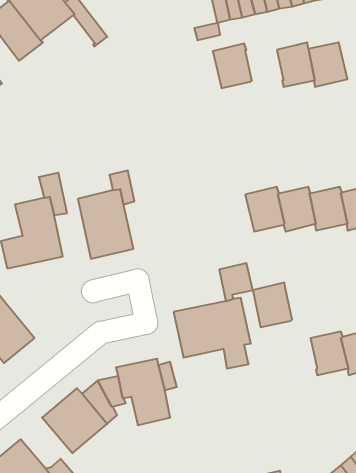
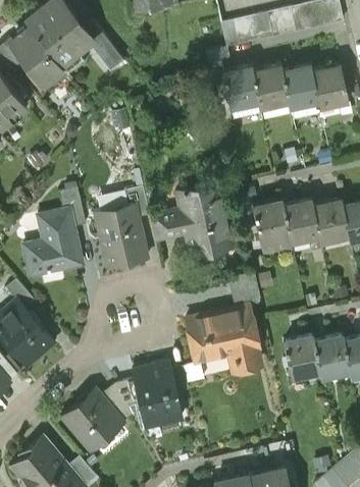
building: none -> [253,67,289,108]
building: none -> [152,183,233,256]
building: [253,283,292,327] -> [284,337,320,379]

